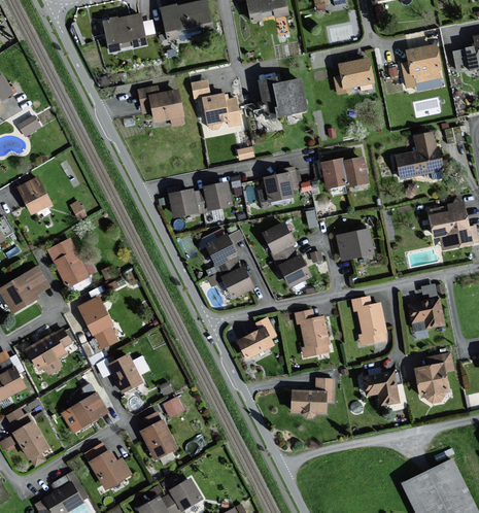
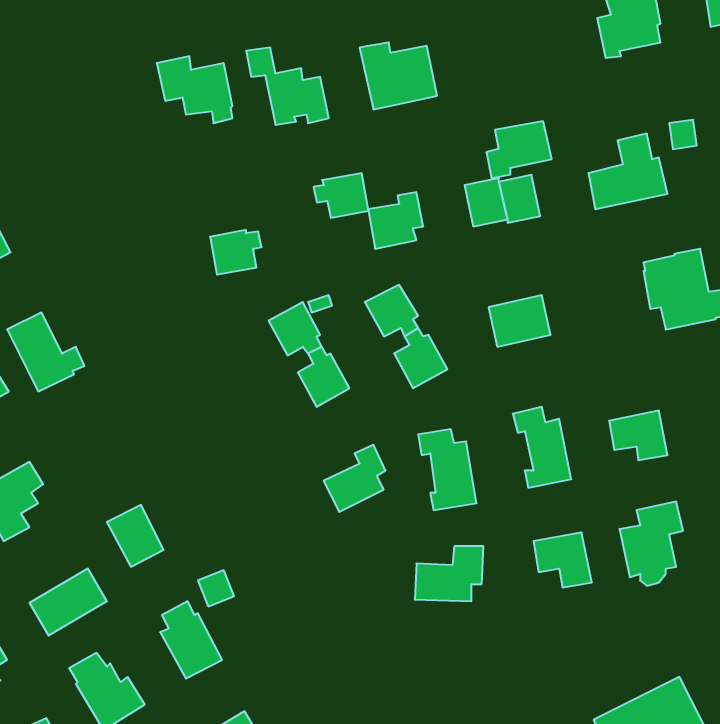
building: [334,59,373,93] -> [486,121,552,178]
building: [198,182,231,209] -> [314,173,369,218]
building: [77,296,116,347] -> none

